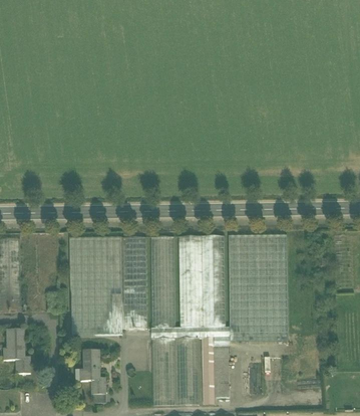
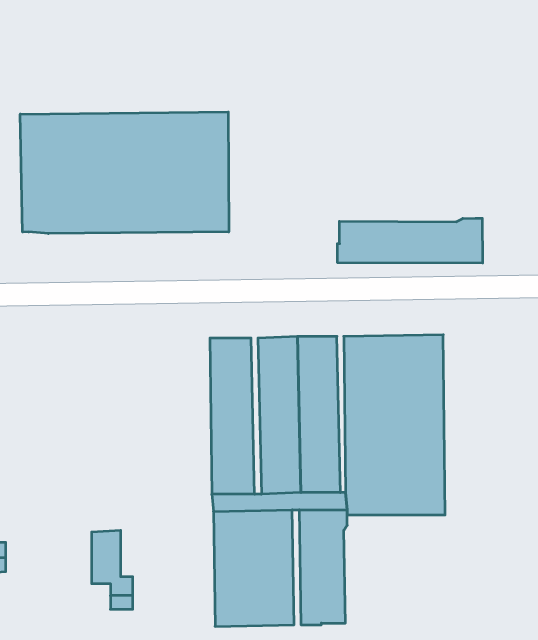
building: none -> [20,112,229,234]
building: none -> [337,218,483,263]
building: [69,236,146,335] -> none

